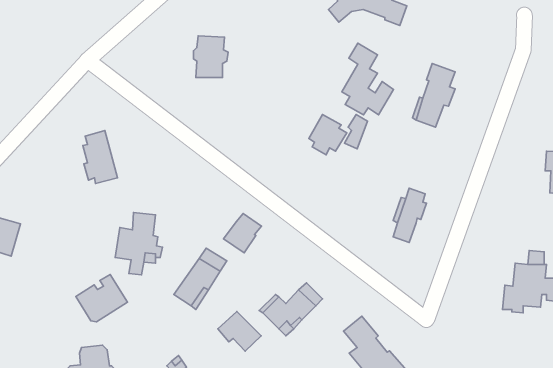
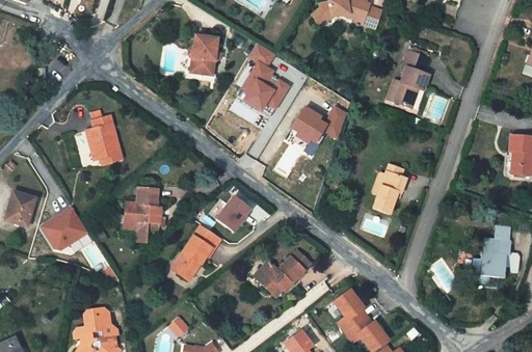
building: [342,43,394,115] -> [243,42,290,106]
building: [76,275,128,322] -> [43,211,89,253]
building: [218,311,261,351] -> none

